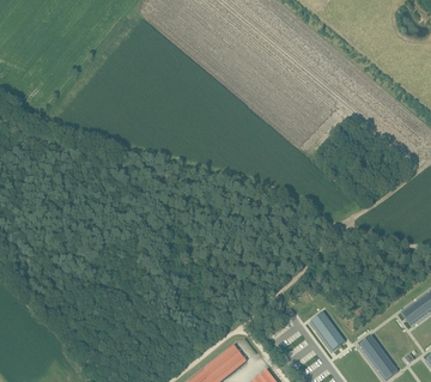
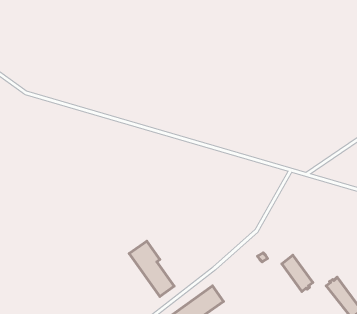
building: none -> [129,241,174,296]

